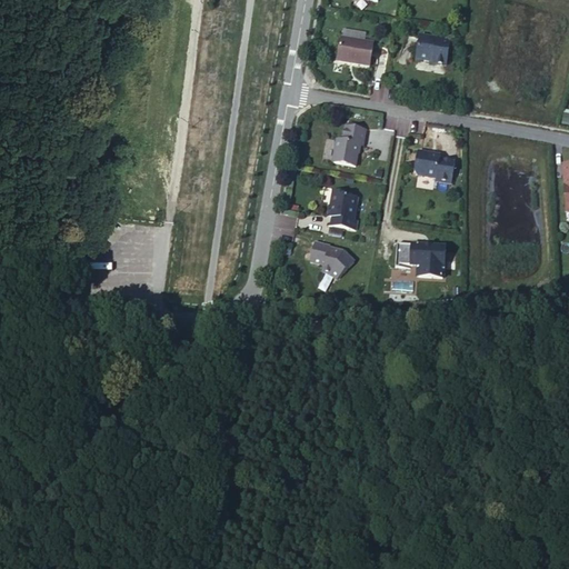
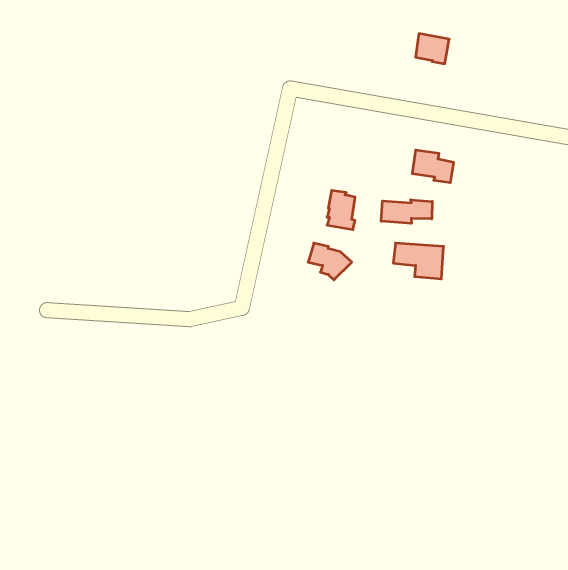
building: [337,34,373,63] -> none
building: [332,122,365,163] -> none
building: none -> [381,200,432,223]

